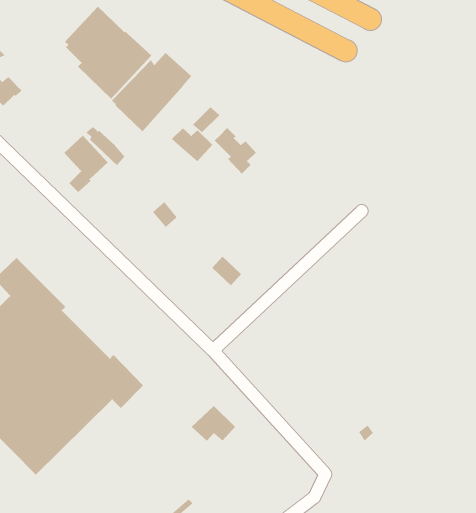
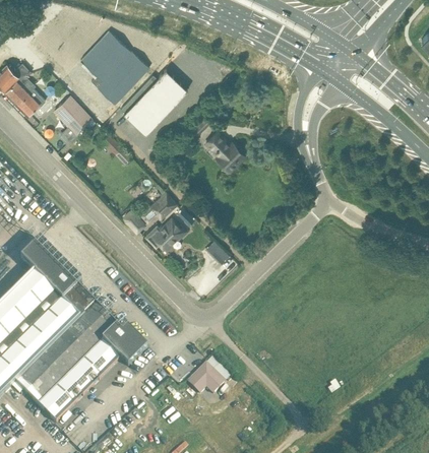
building: [171,128,213,162] -> none
building: [64,135,108,193] -> [53,92,90,141]
building: none -> [141,215,185,247]

